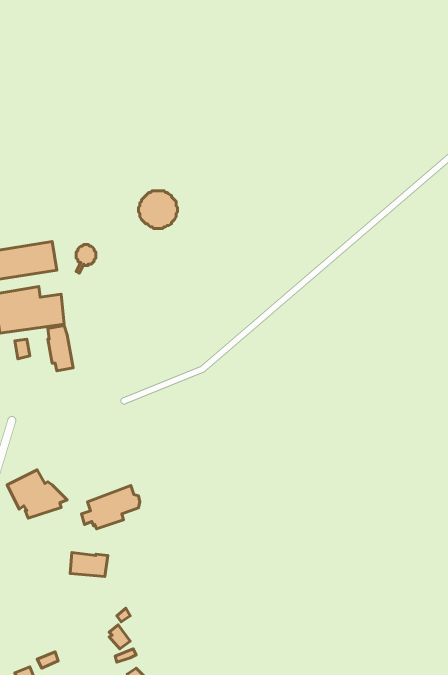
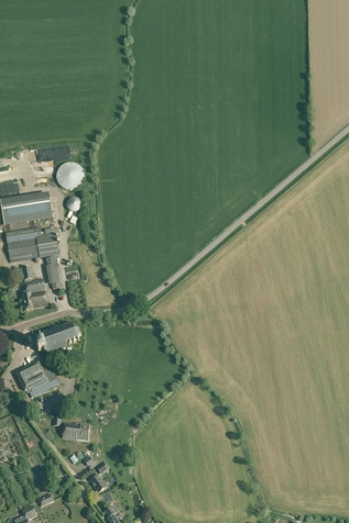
building: [138,191,178,228] -> [56,162,85,189]
building: none -> [23,278,47,309]
building: [81,485,140,529] -> [36,321,79,353]

